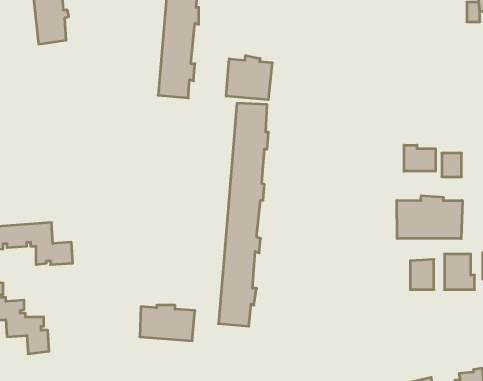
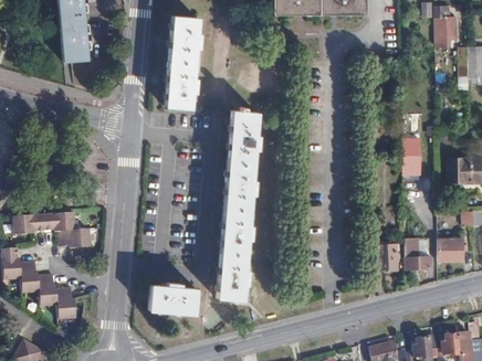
building: [226,55,272,100] -> none
building: [404,145,435,171] -> none
building: [397,196,462,239] -> none

